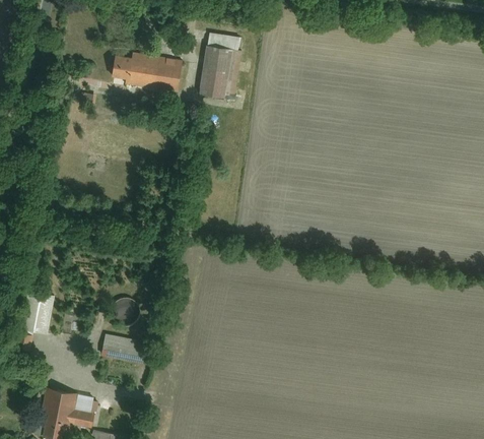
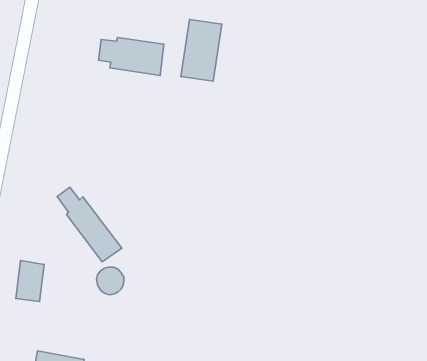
building: none -> [57,187,122,262]
building: [99,333,150,364] -> none

